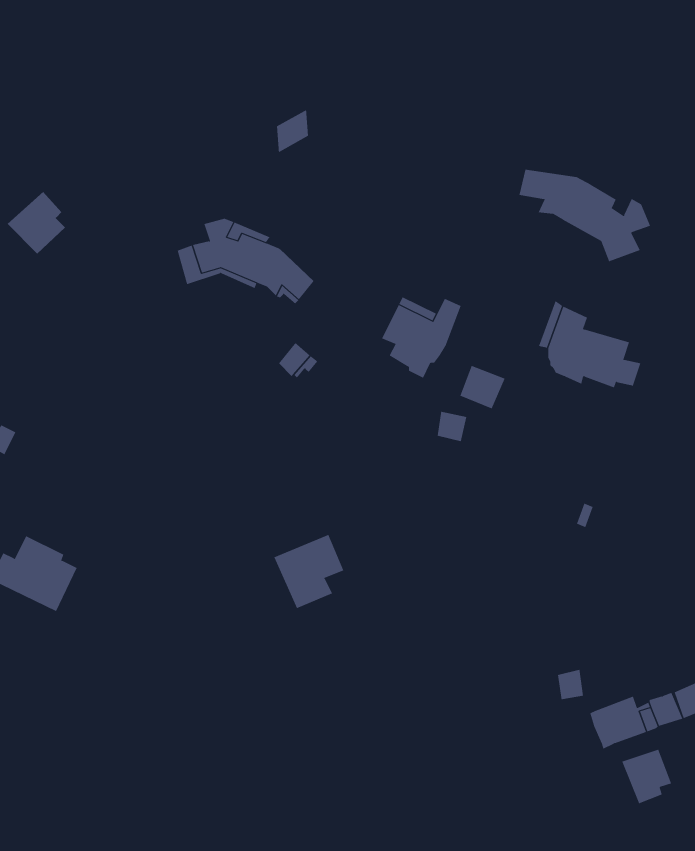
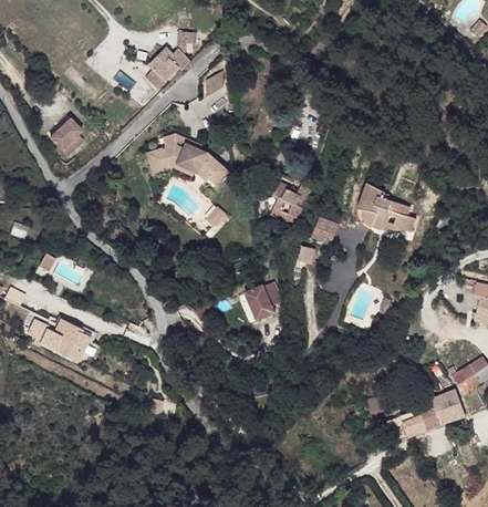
building: none -> [145,31,195,90]
building: [519,169,651,262] -> none
building: [273,534,344,609] -> [242,279,283,322]
building: [622,749,672,804] -> none

